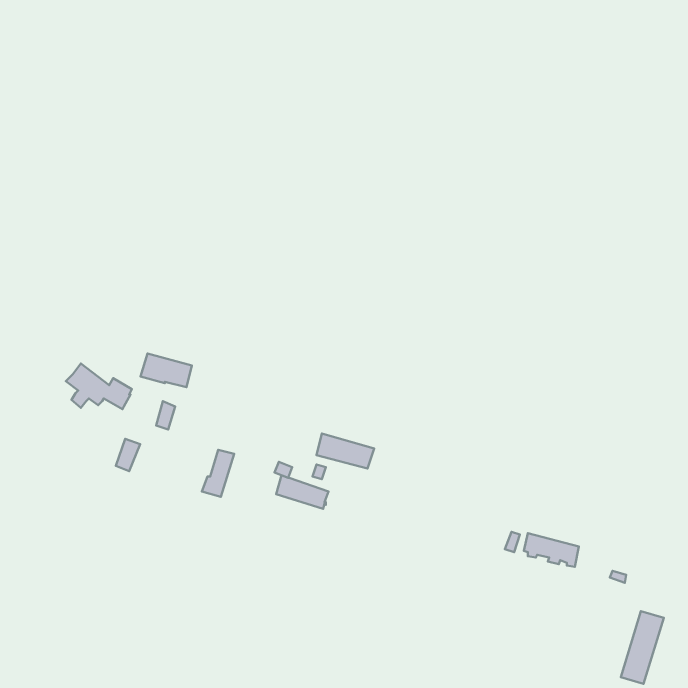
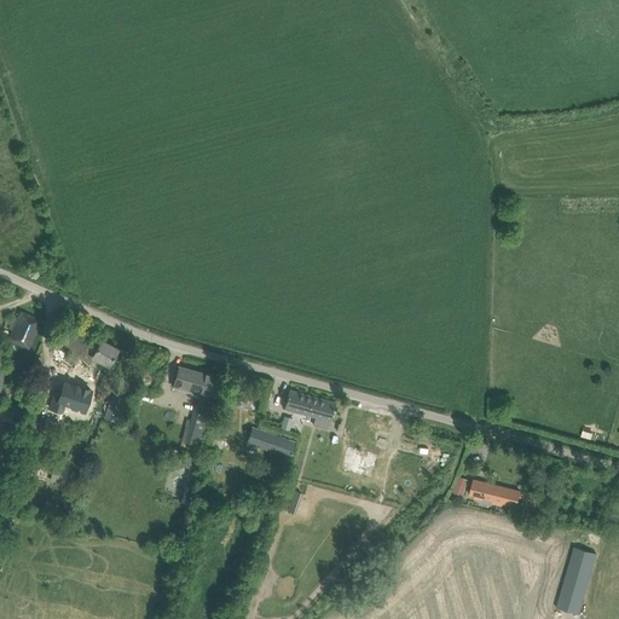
building: none -> [7,313,40,349]
building: [141,354,192,387] -> [173,366,219,397]
building: none -> [50,382,91,411]

